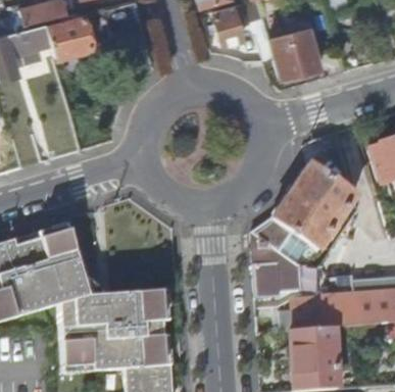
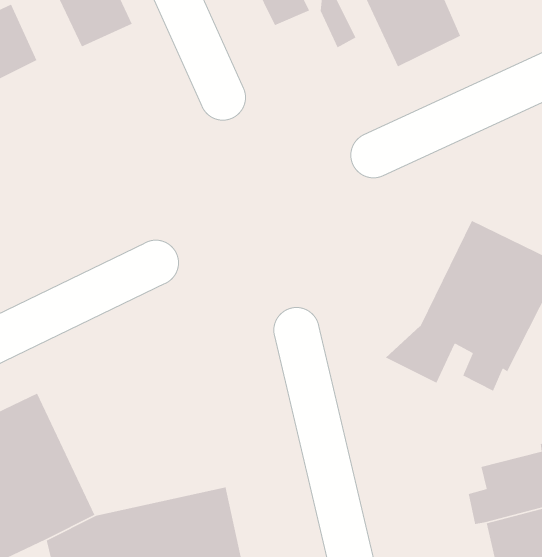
building: [252,235,300,299] -> none

